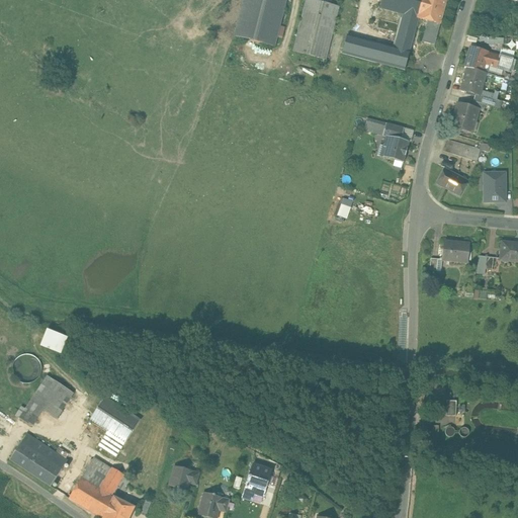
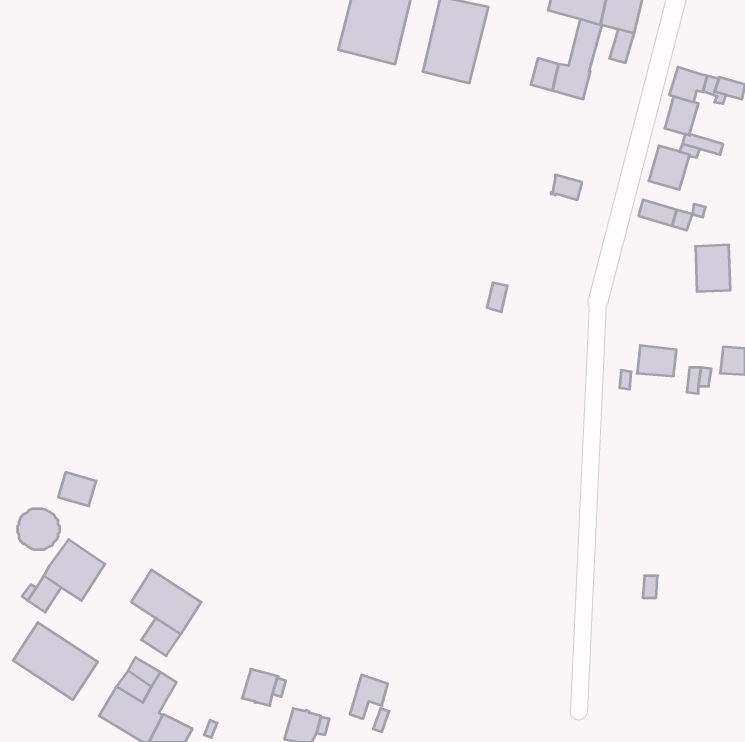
building: [342,33,373,59] -> none
building: [383,135,409,162] -> none
building: [436,167,468,195] -> none

